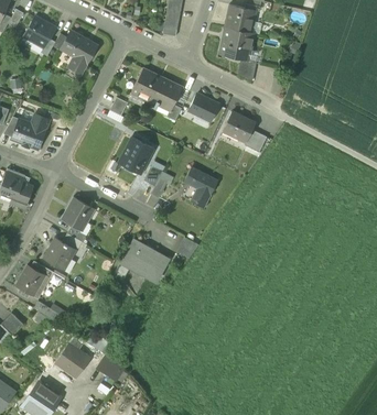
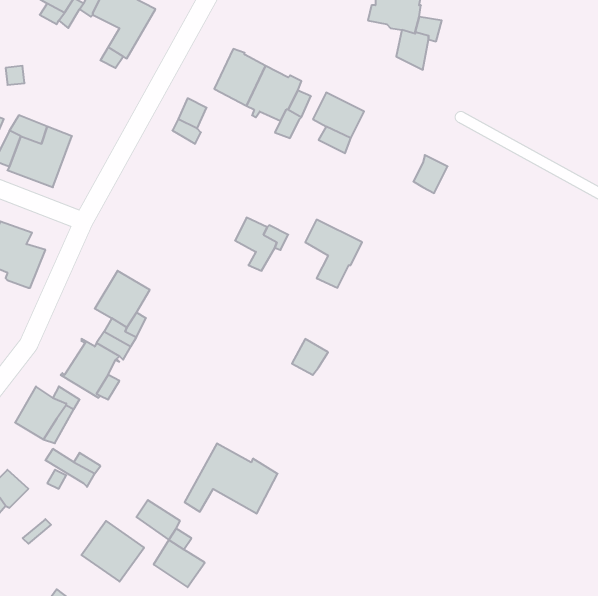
building: [222,111,255,143] -> none
building: [118,136,153,174] -> none
building: [114,241,168,282] -> [185,443,278,514]

